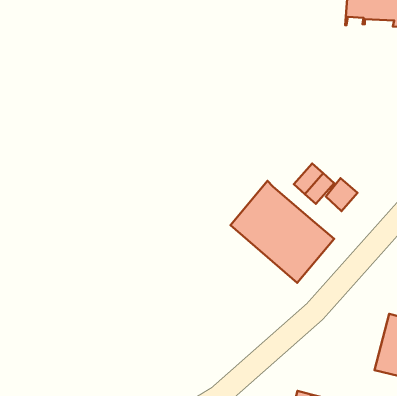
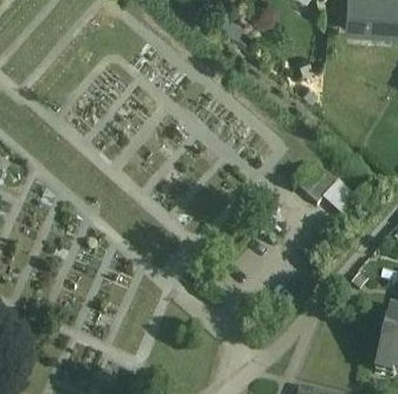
building: [231,181,334,283] -> none

